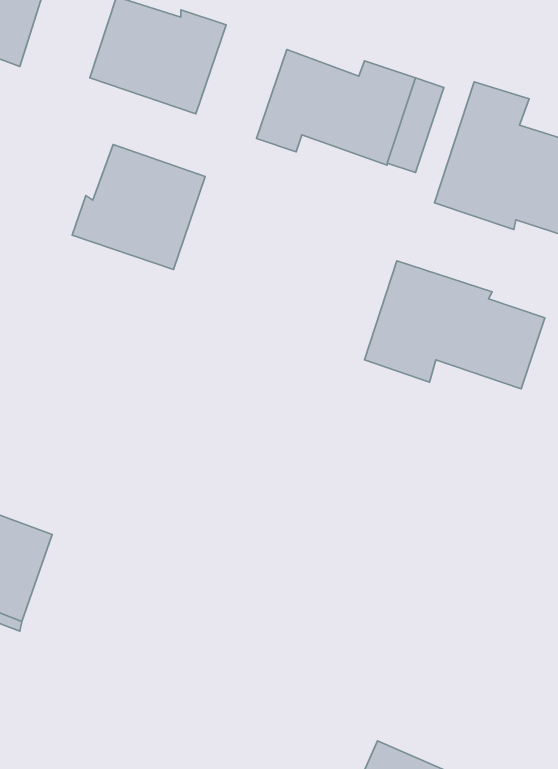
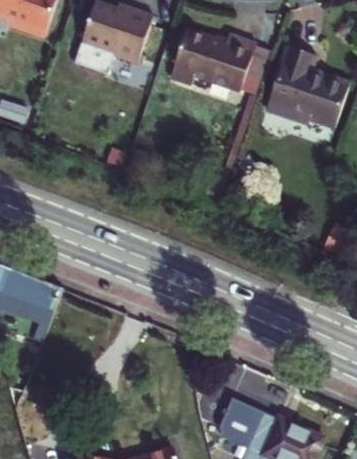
building: [72,144,205,270] -> none
building: [364,261,545,389] -> none

